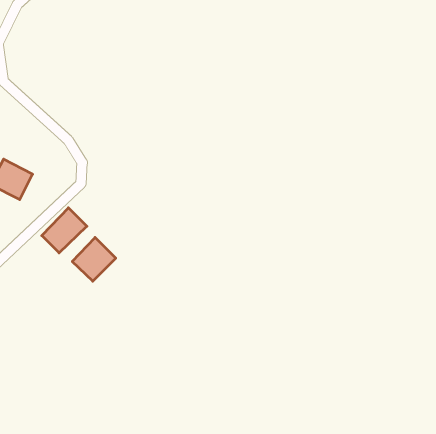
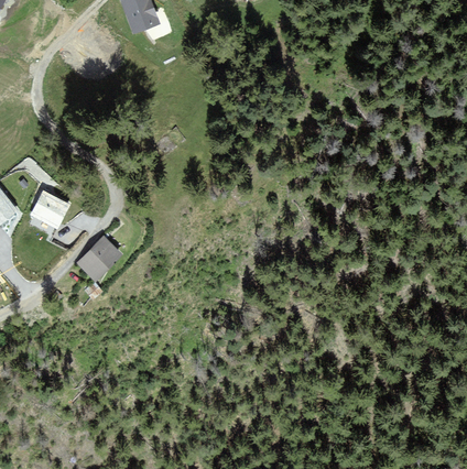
building: [72,237,116,281] -> none

